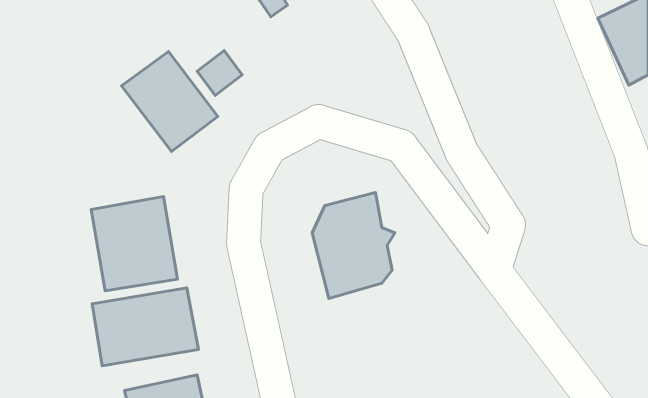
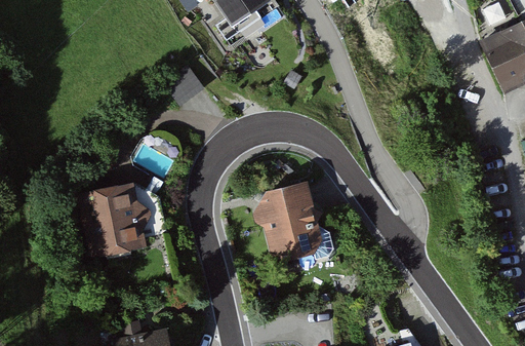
building: [121,52,218,152] -> none
building: [92,288,198,366] -> none

